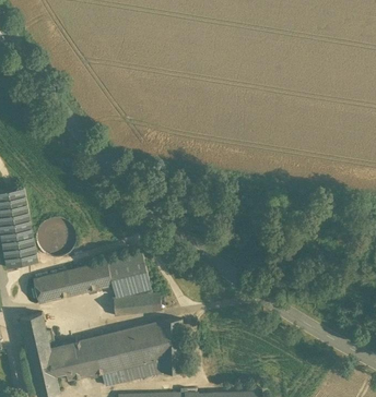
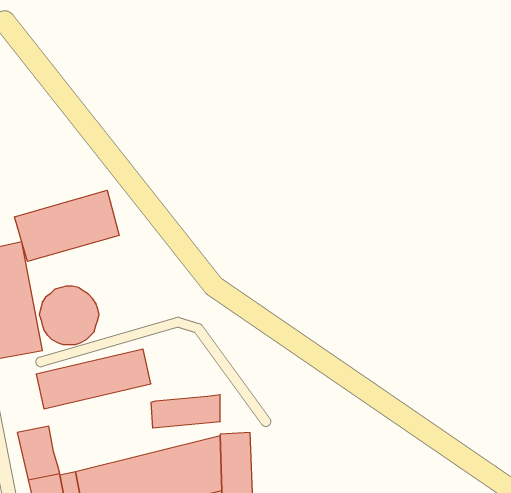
building: none -> [15,190,119,261]
building: [107,251,152,296] -> none

